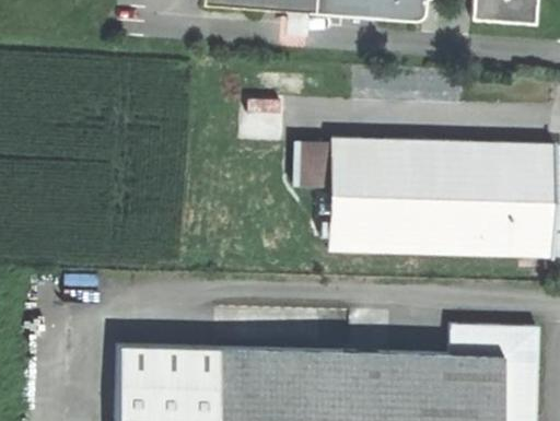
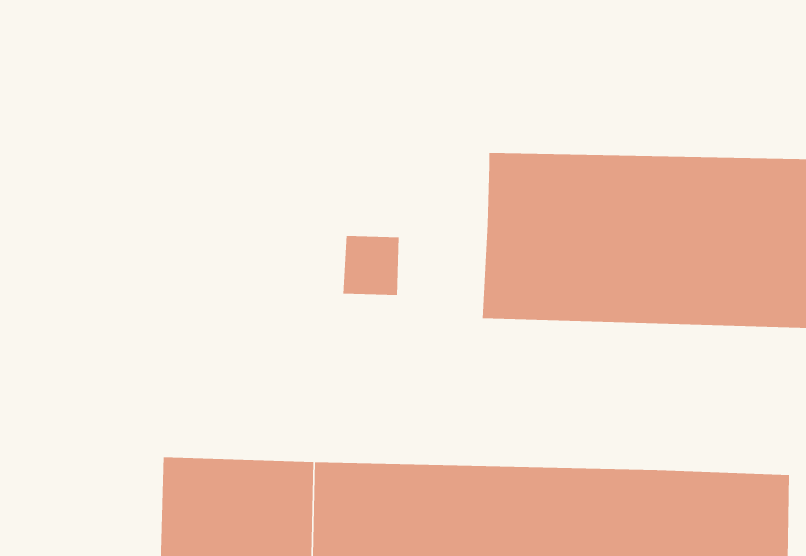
building: [298,145,336,186] -> [343,235,400,296]
building: [450,323,539,354] -> none

